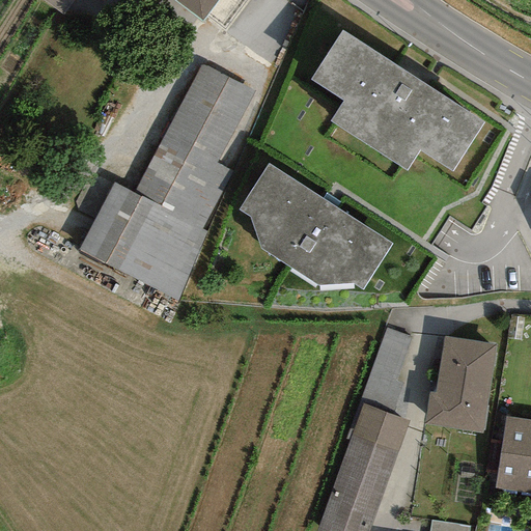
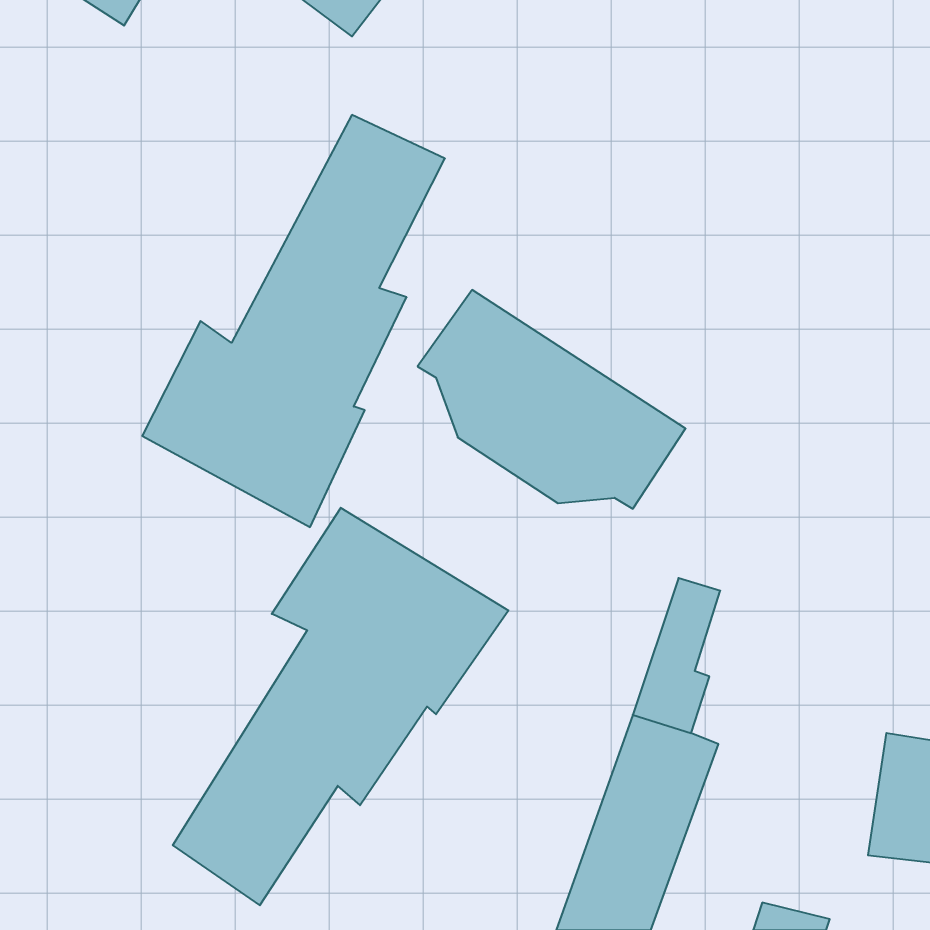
building: [309,28,486,174] -> none
building: none -> [173,508,508,905]
building: [425,337,496,432] -> none

